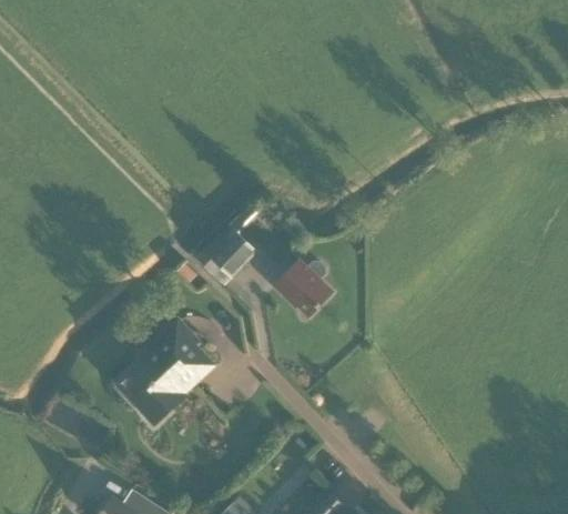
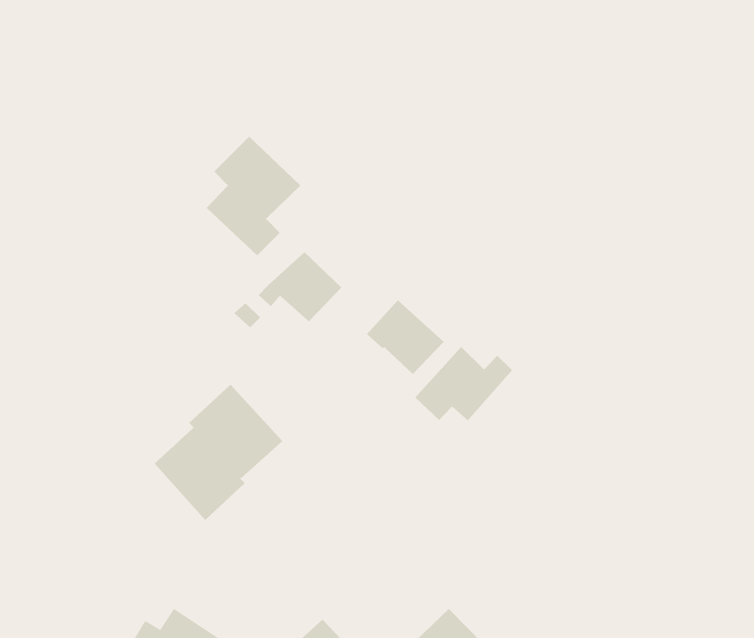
building: none -> [206,136,301,256]
building: none -> [415,346,513,421]

